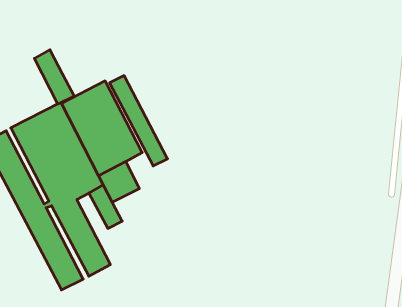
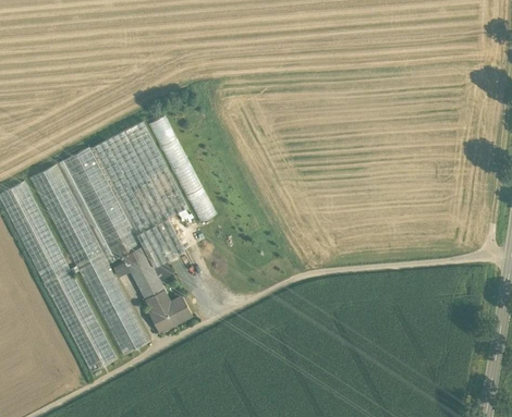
building: [34,50,74,104] -> none
building: none -> [145,290,191,332]

